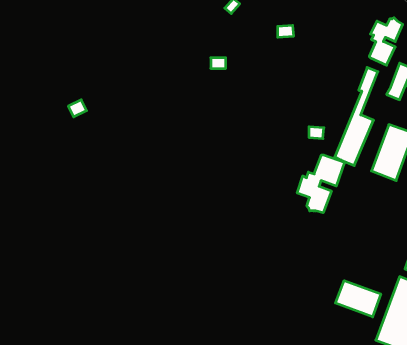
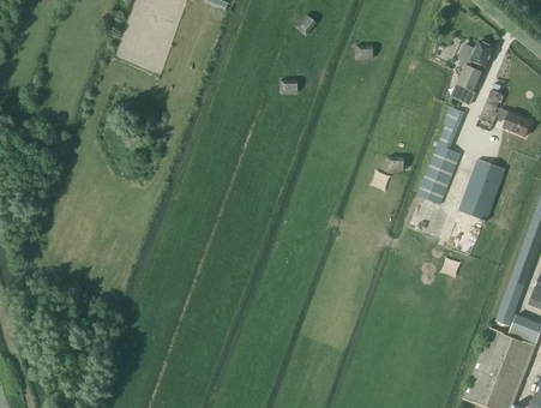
building: [297,155,345,213] -> none
building: [335,281,381,317] -> none

